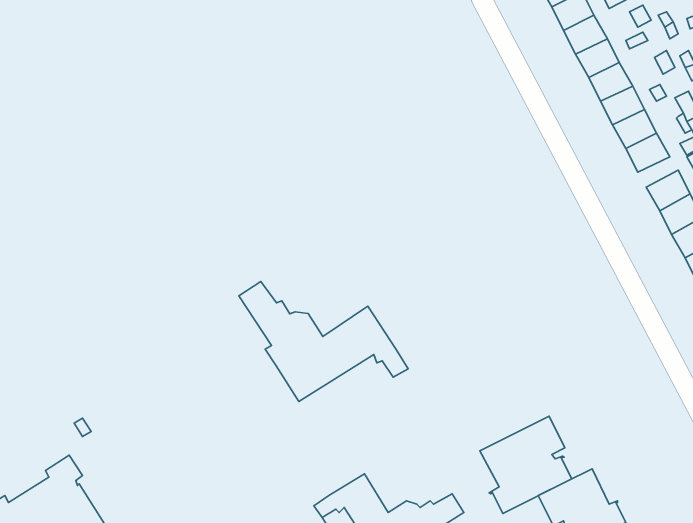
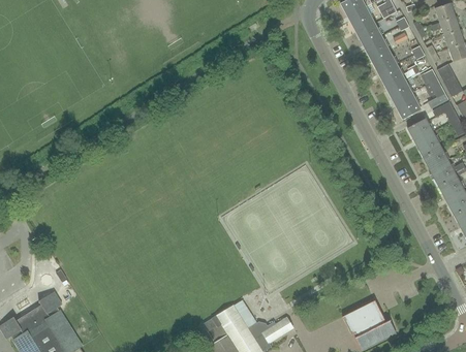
building: [239,282,408,402] -> none
building: [480,416,572,513] -> none

